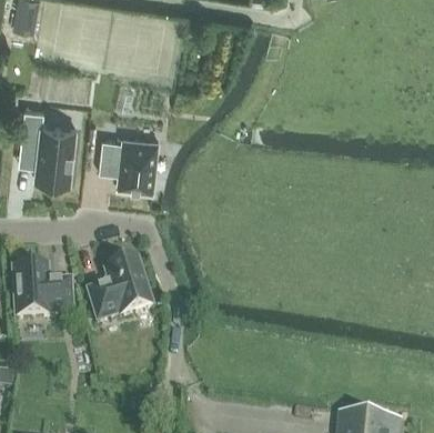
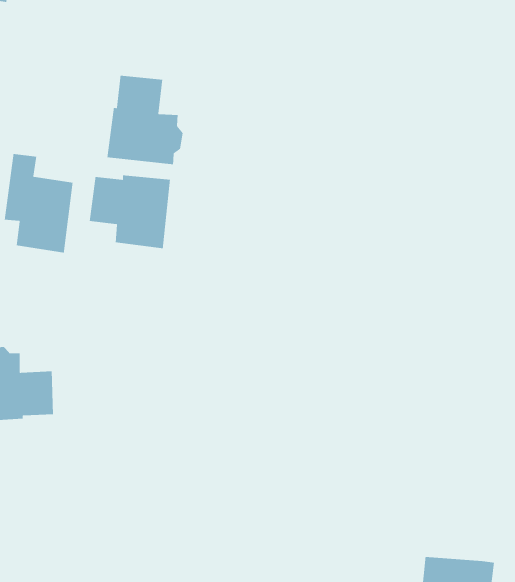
building: none -> [107,75,183,165]
building: [87,253,151,315] -> none

